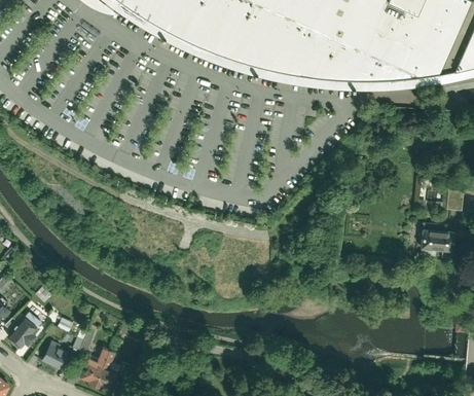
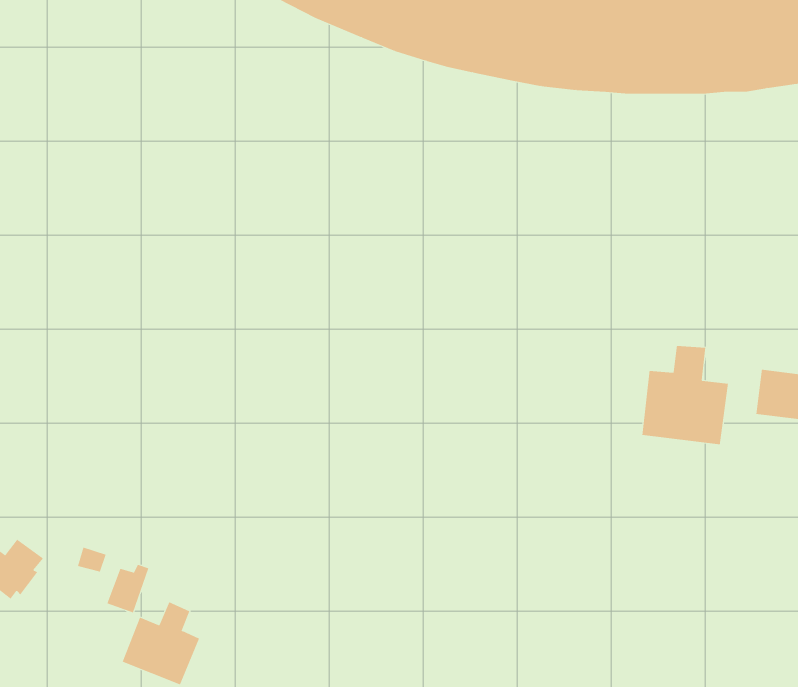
building: none -> [642,345,728,445]
building: [42,340,69,367] -> none

